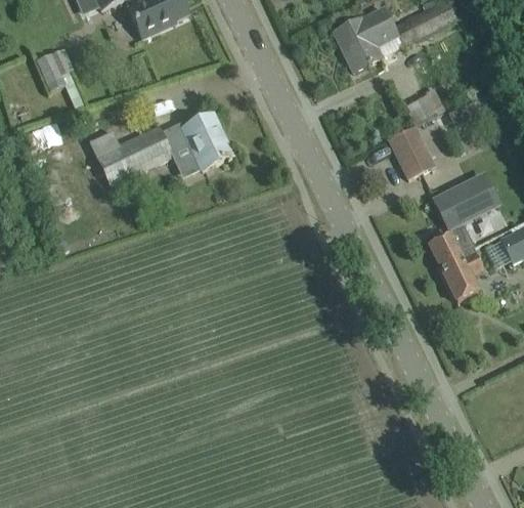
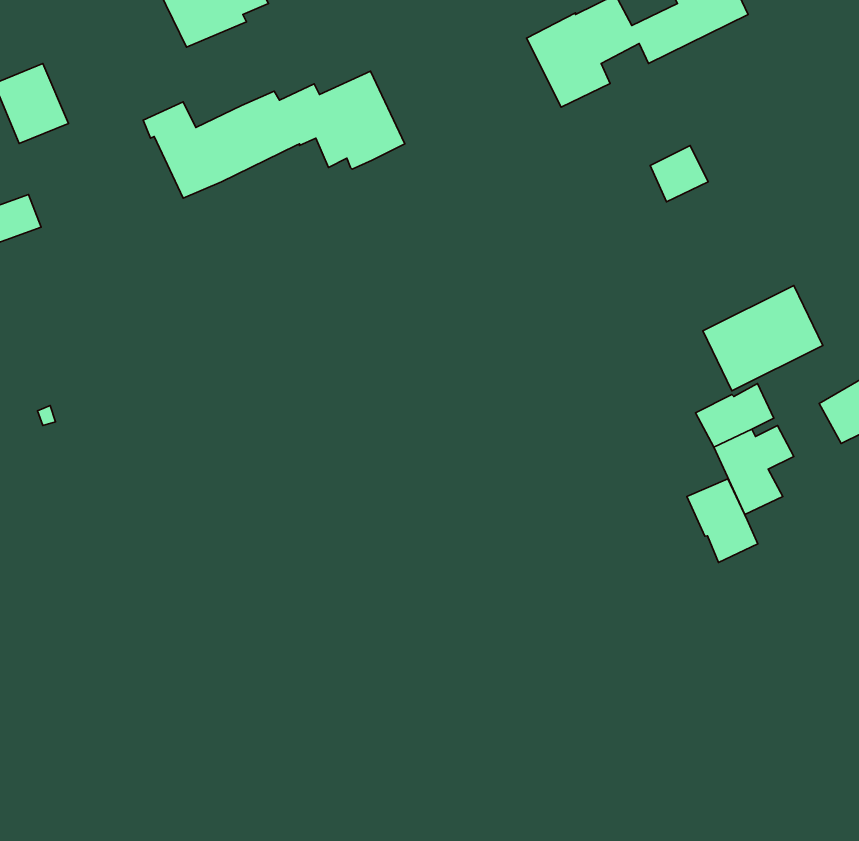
building: [85,114,232,185] -> [143,71,405,198]
building: [390,128,434,178] -> none
building: none -> [687,479,758,563]

